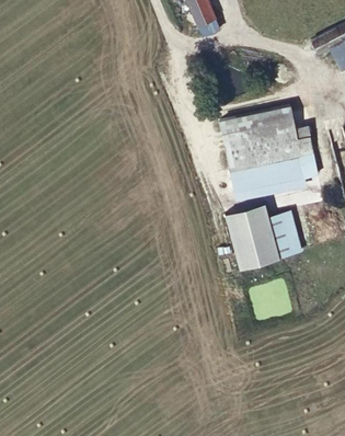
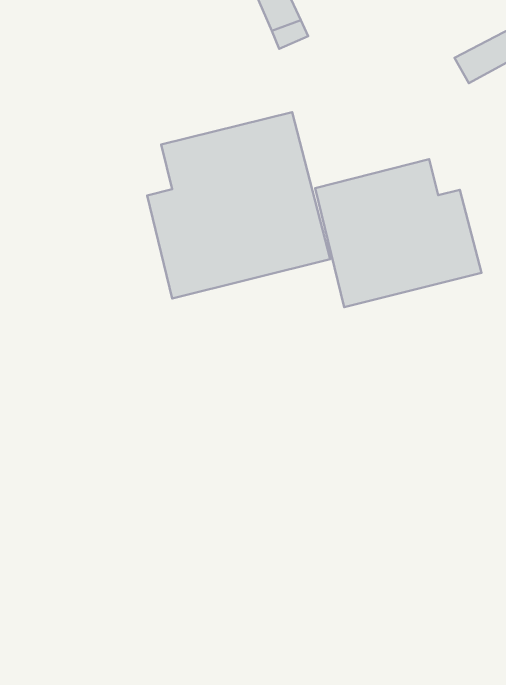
building: none -> [147,112,330,299]
building: [230,204,307,269] -> none

